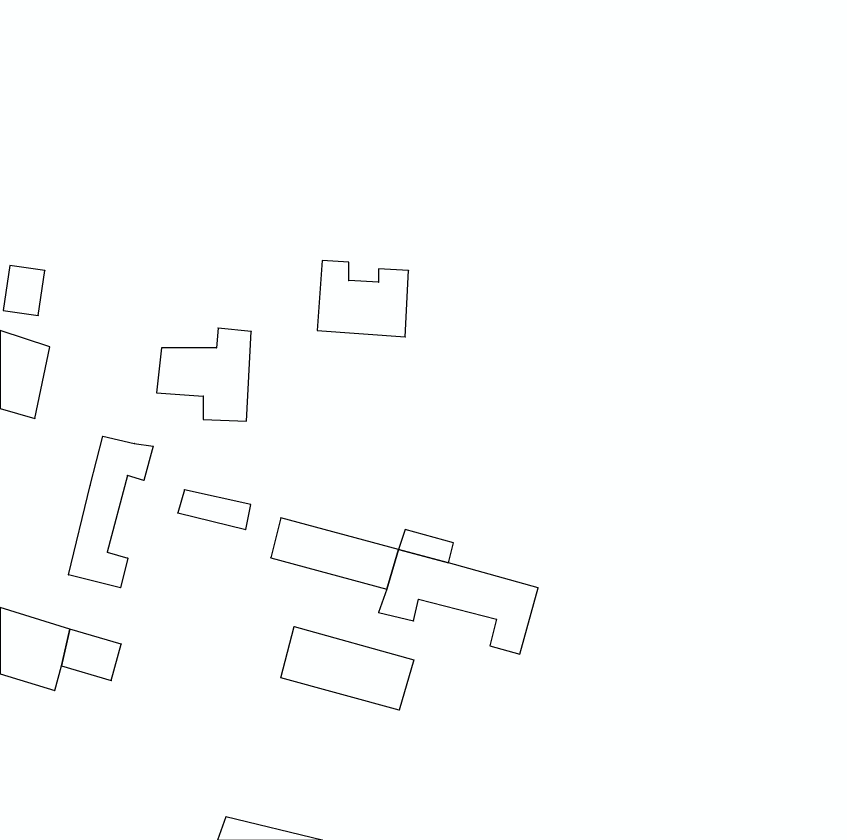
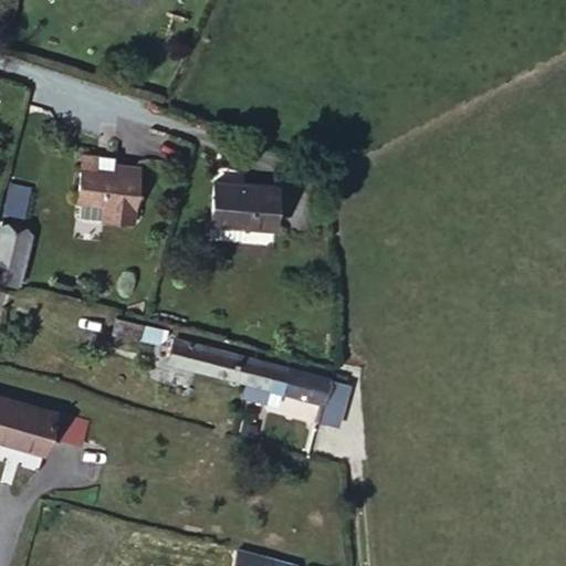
building: [157,328,251,421] -> [76,155,139,217]
building: [69,436,153,588] -> none
building: [281,627,414,710] -> none

